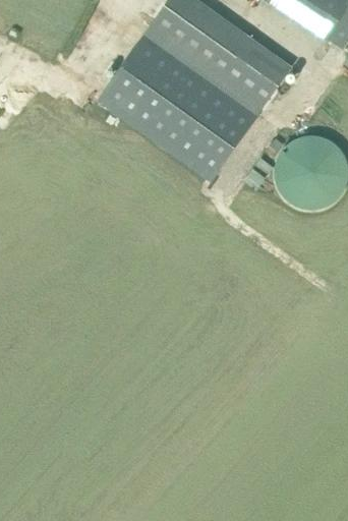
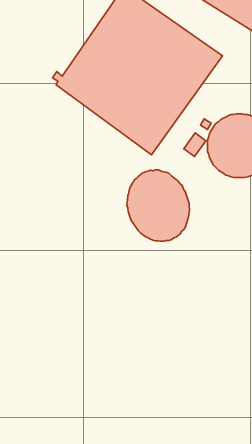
building: none -> [127,170,189,241]

